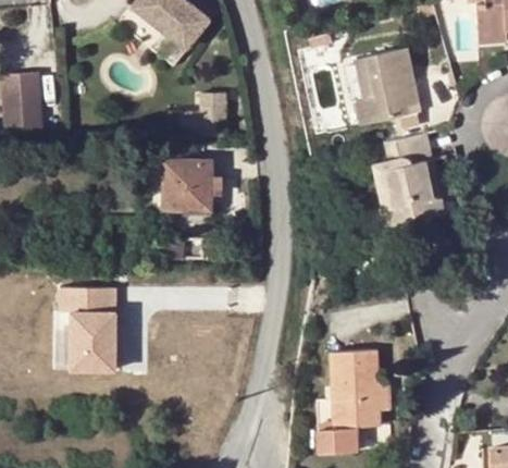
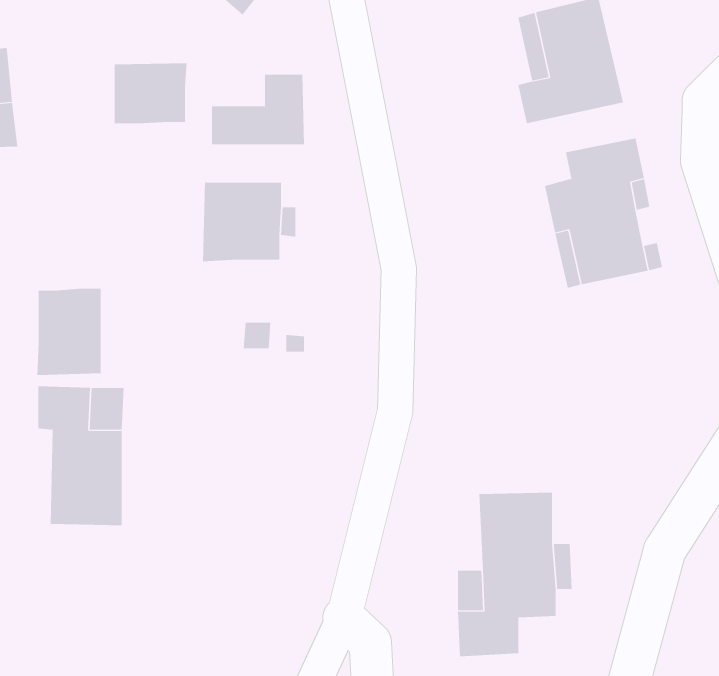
building: none -> [114,62,187,124]
building: none -> [37,288,101,376]

